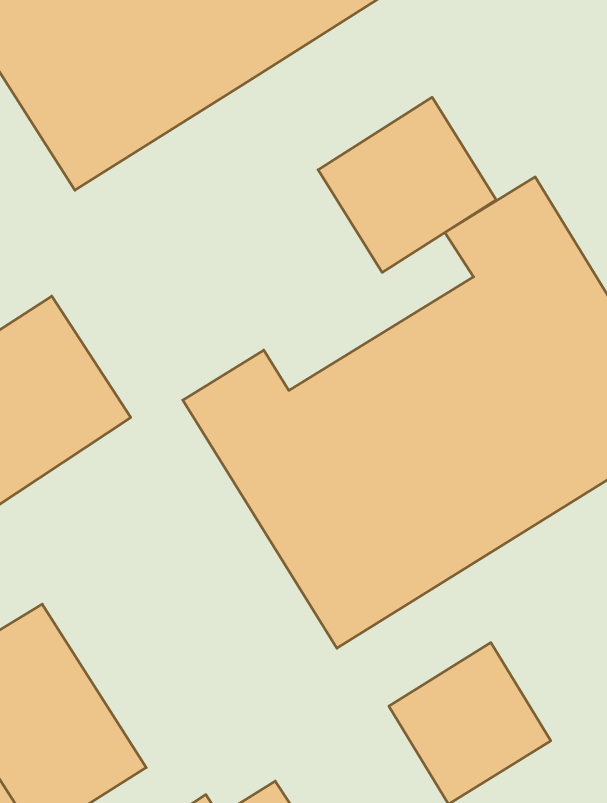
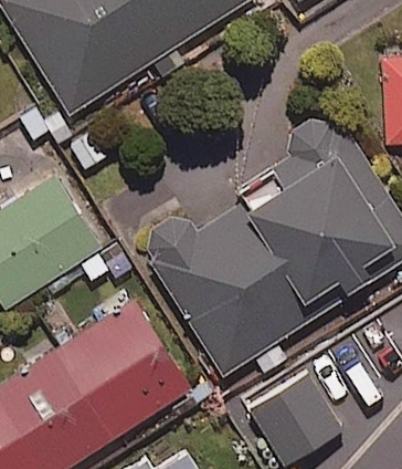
building: [318,97,496,272] -> none
building: none -> [51,298,193,445]

